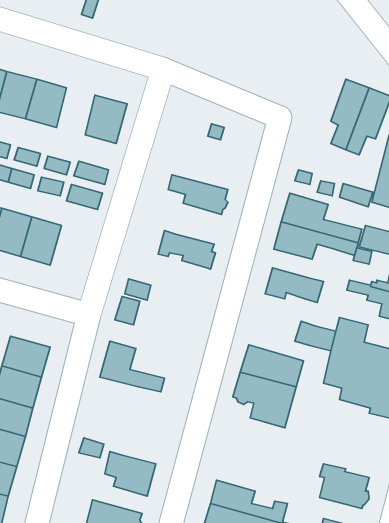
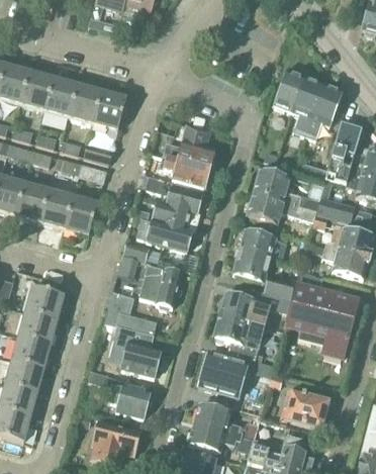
building: none -> [275,71,305,111]
building: none -> [70,84,101,122]
building: none -> [164,124,215,167]
building: none -> [147,173,202,211]
building: none -> [65,196,98,235]
building: none -> [135,217,192,251]
building: none -> [233,251,272,281]
building: none -> [140,264,182,307]
building: none -> [109,323,162,376]
building: none -> [199,350,248,397]

